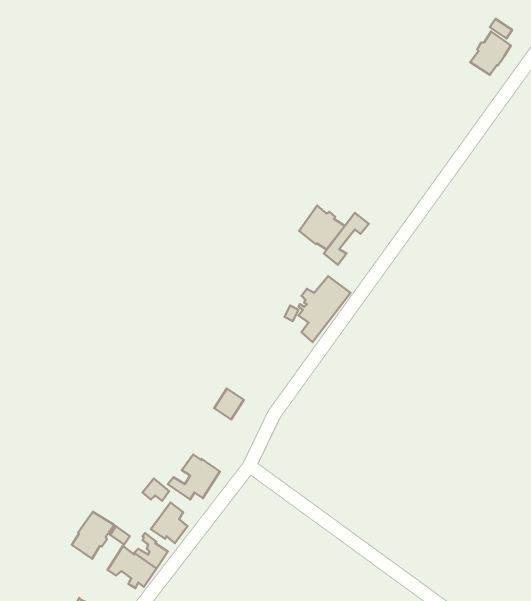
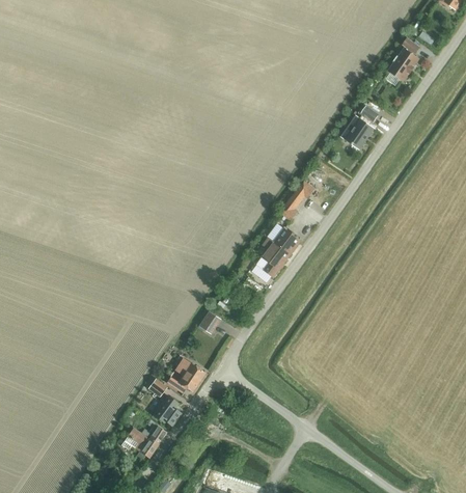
building: none -> [345,107,378,148]
building: [299,206,345,250] -> none
building: [72,512,114,559] -> none

